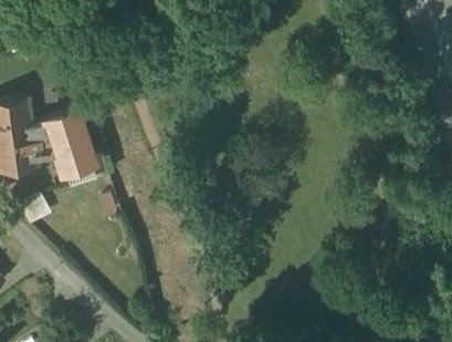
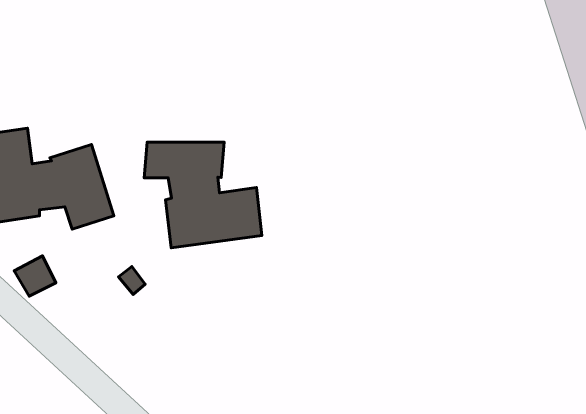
building: none -> [144,142,262,248]

